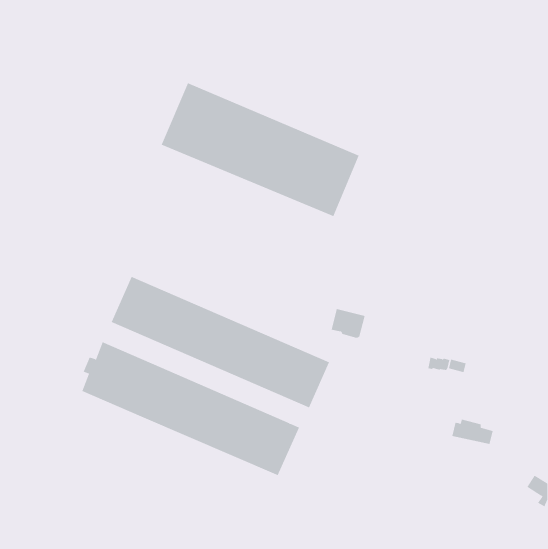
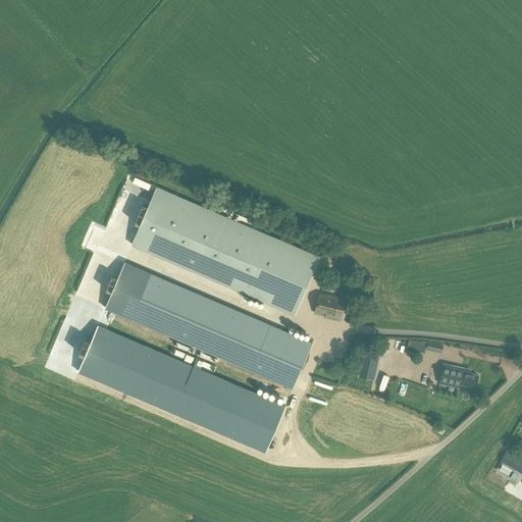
building: [161,82,360,217] -> [129,189,318,316]
building: [452,419,493,445] -> [438,363,478,387]

